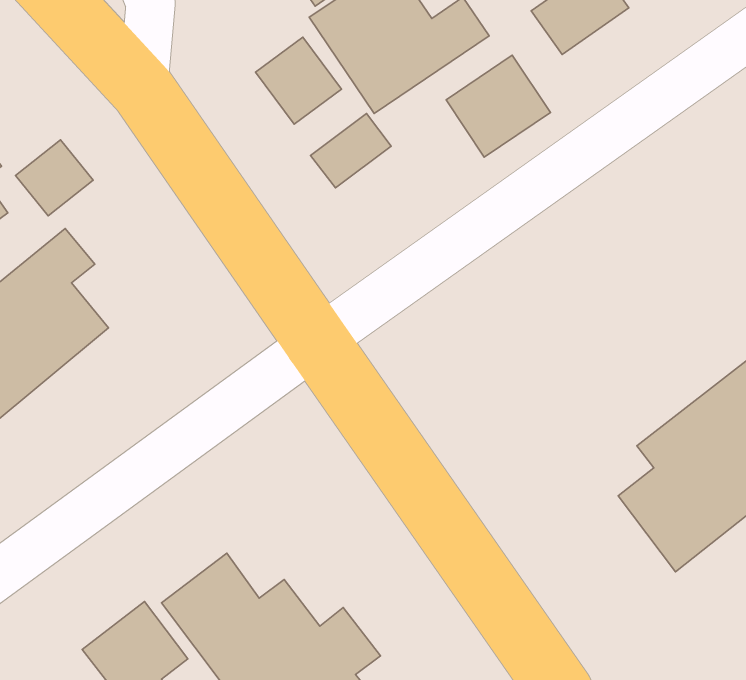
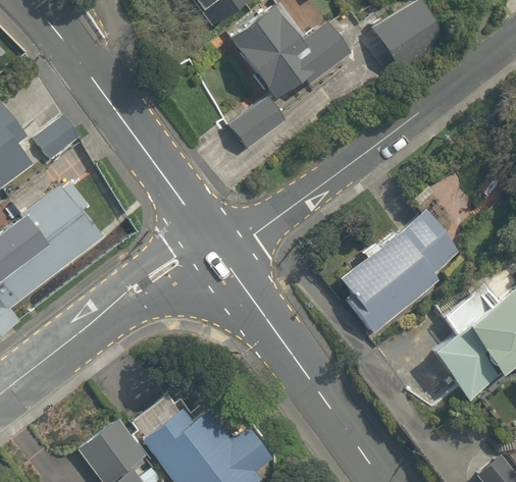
building: [255,37,342,124] -> none
building: [446,55,550,157] -> none
building: none -> [322,209,462,334]

